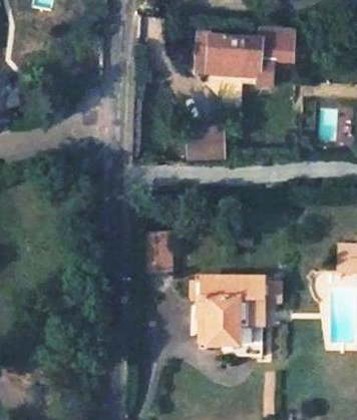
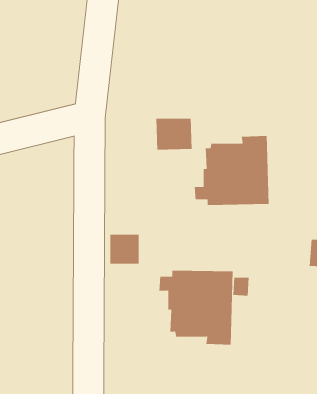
building: [197,23,293,82] -> none
building: none -> [194,135,269,206]

